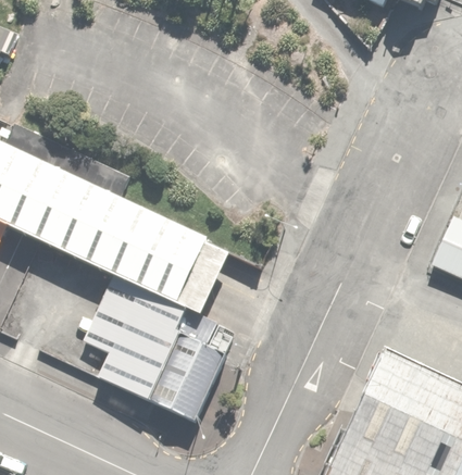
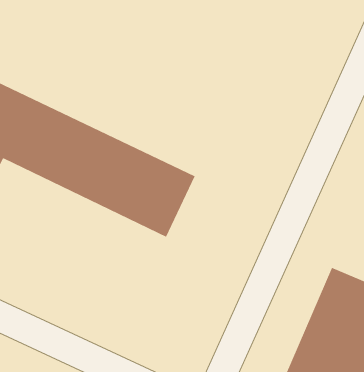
building: [93,295,232,415] -> none

